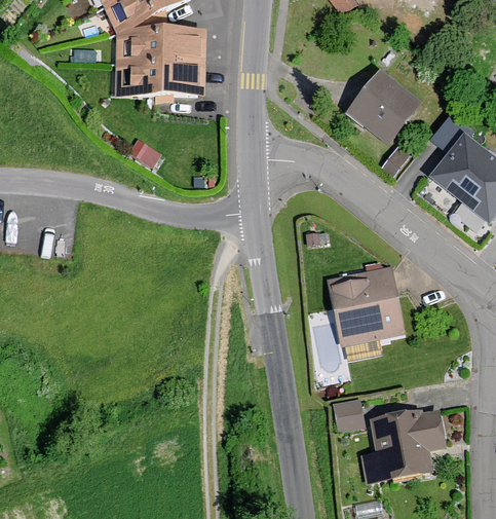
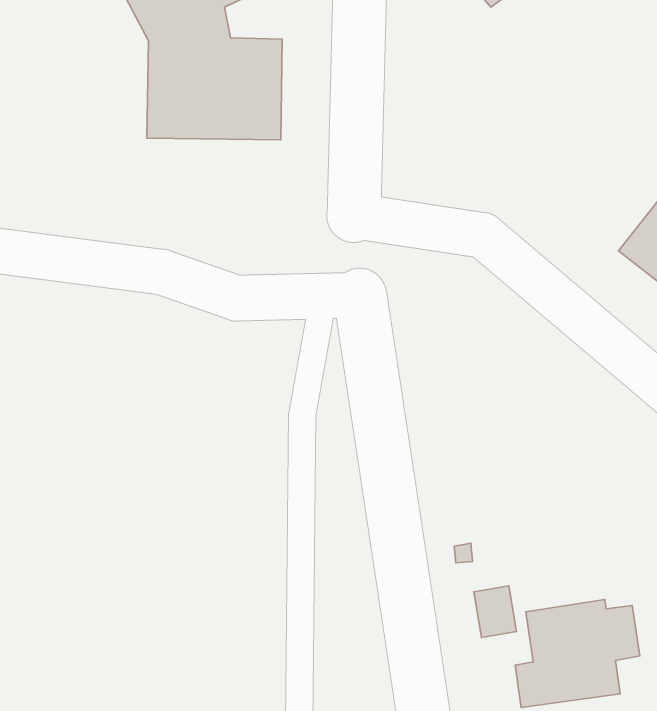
building: [346,69,419,142] -> none
building: [331,260,409,340] -> none

